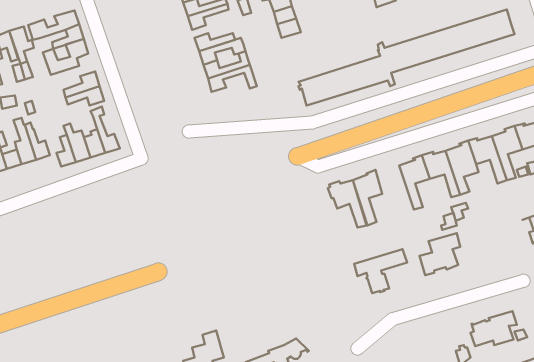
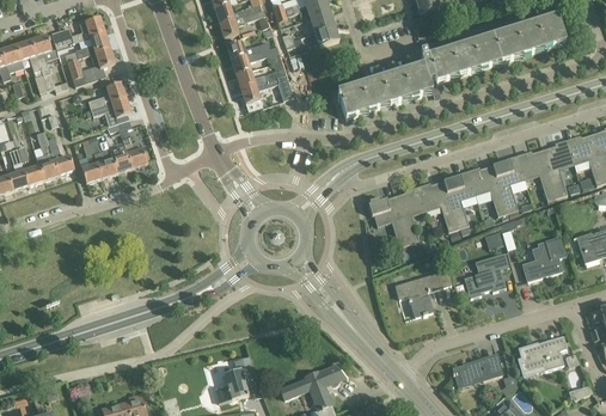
building: none -> [418,181,459,231]
building: none -> [522,234,567,280]
building: none -> [452,355,502,383]

